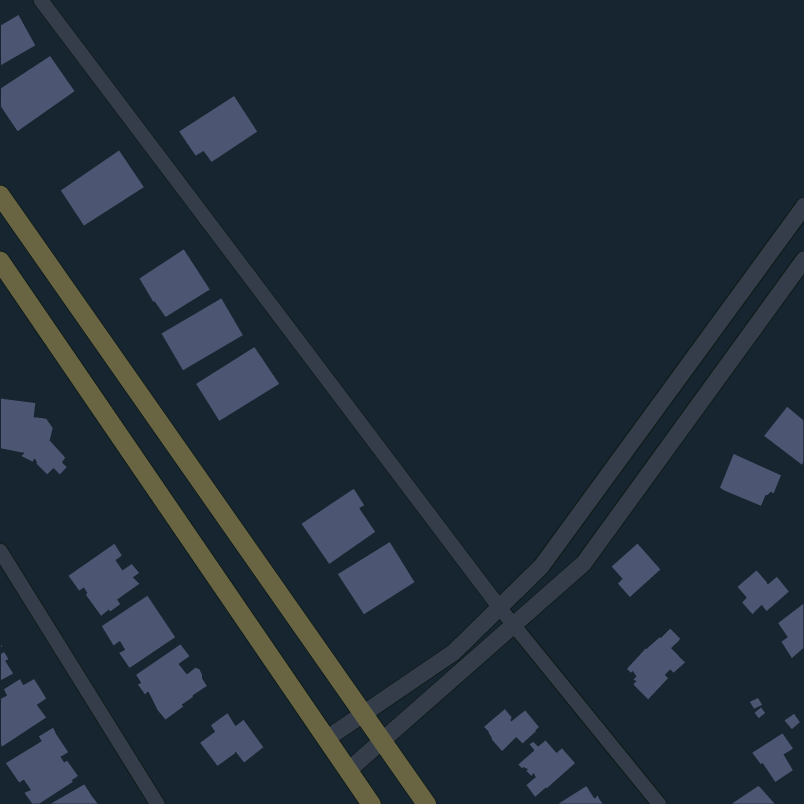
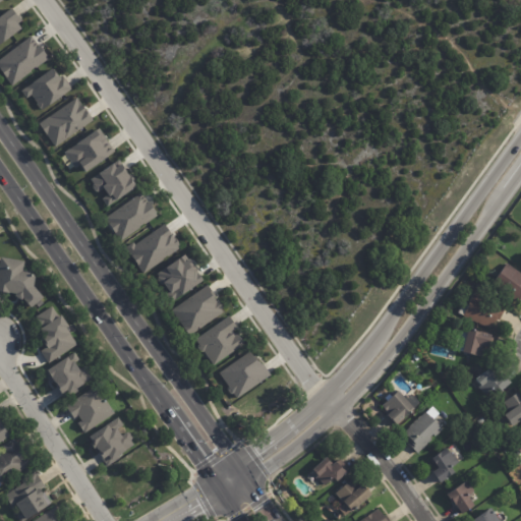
building: [178,95,258,163] -> [63,128,115,172]
building: none -> [20,67,70,110]
building: none -> [155,254,202,300]
building: none -> [171,286,224,335]
building: none -> [35,305,76,362]
building: none -> [464,329,495,357]
building: [611,543,661,598] -> [383,390,415,425]
building: none -> [431,447,460,482]
building: [199,712,264,767] -> none
building: [751,732,794,783] -> [448,480,475,513]

